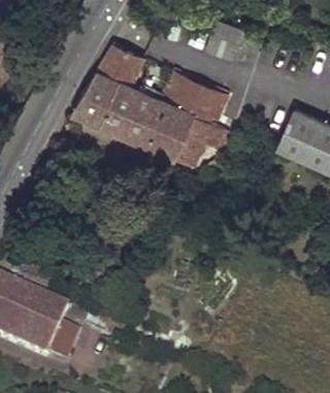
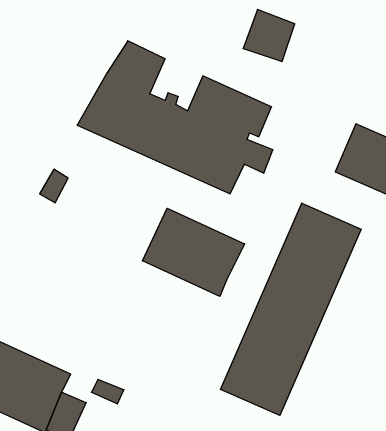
building: none -> [221,203,361,415]
building: none -> [142,208,245,296]

